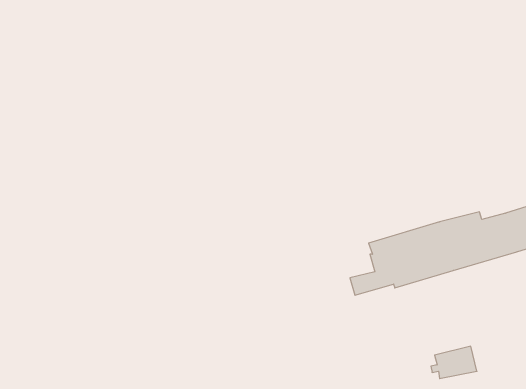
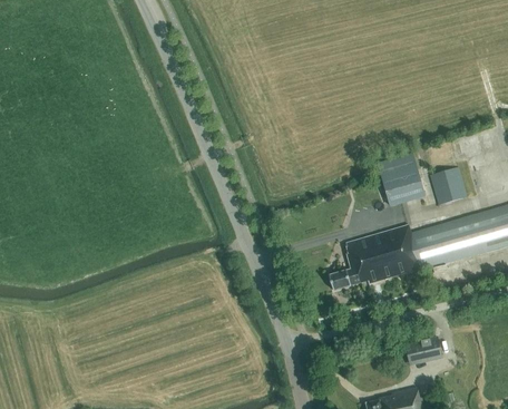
building: none -> [378,154,424,206]
building: none -> [430,167,467,205]

